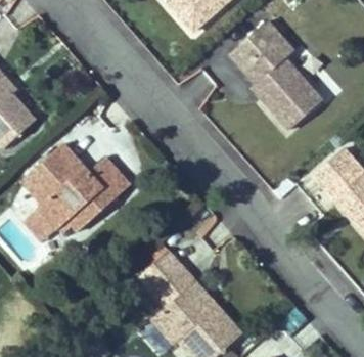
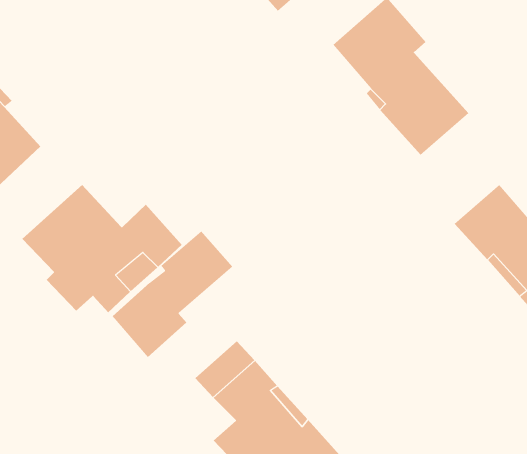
building: none -> [112,230,233,358]

